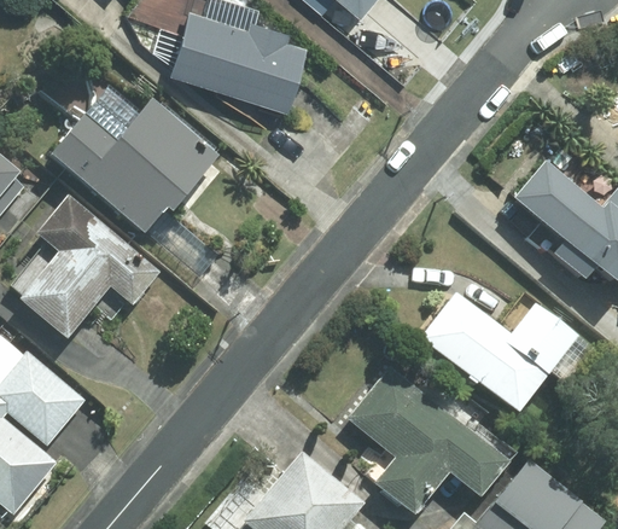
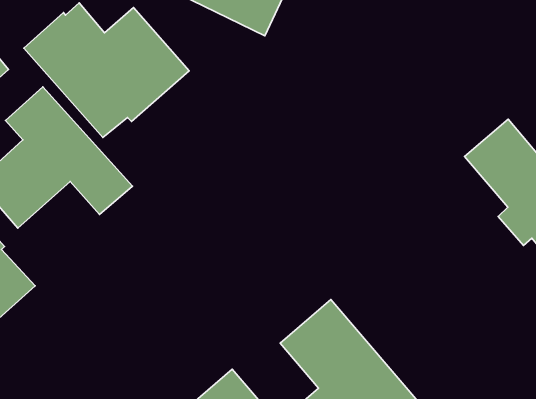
building: [419,293,573,415] -> none

